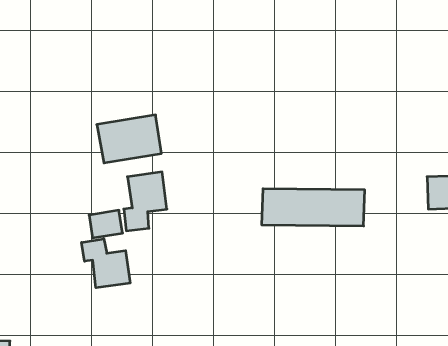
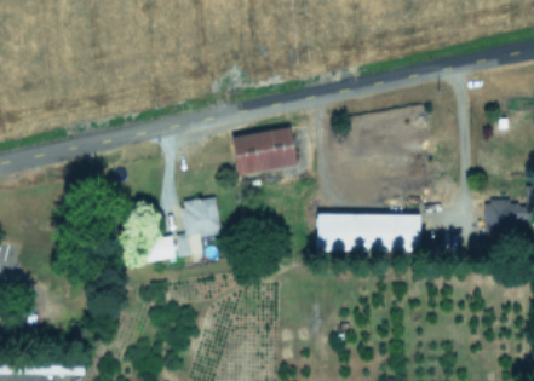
building: [97,115,161,163] -> [231,127,297,175]
building: [82,239,130,288] -> none

